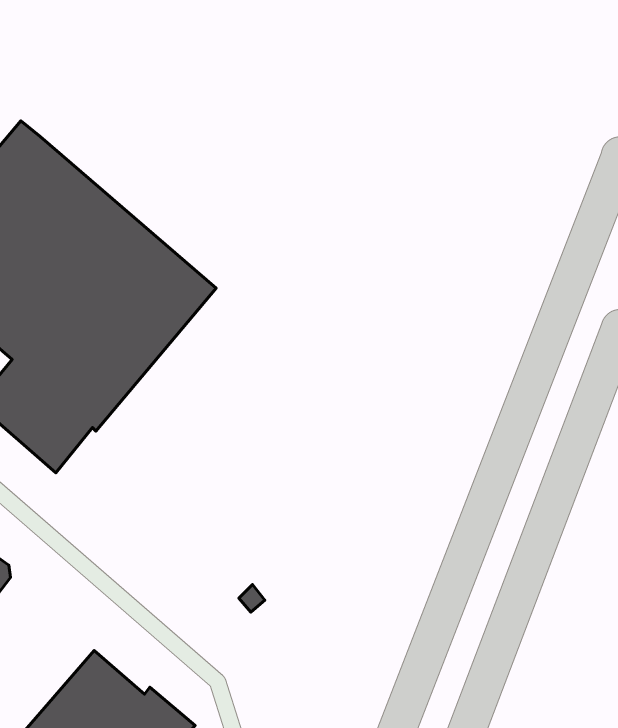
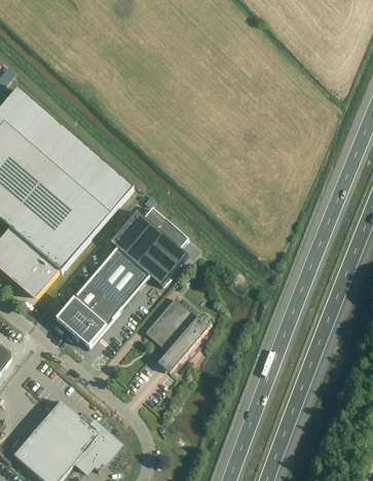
building: none -> [58,208,187,344]
building: none -> [144,297,210,372]

